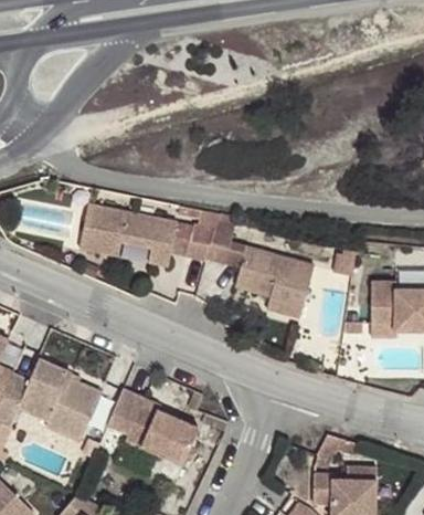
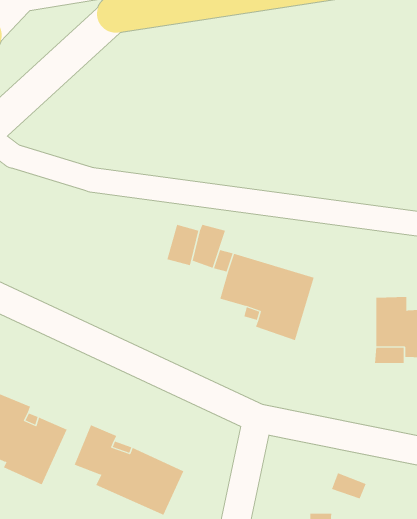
building: [80,200,181,266] -> none

